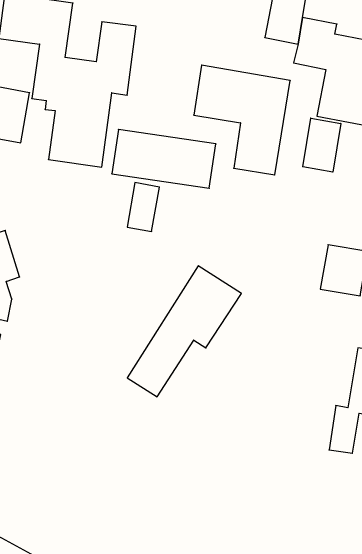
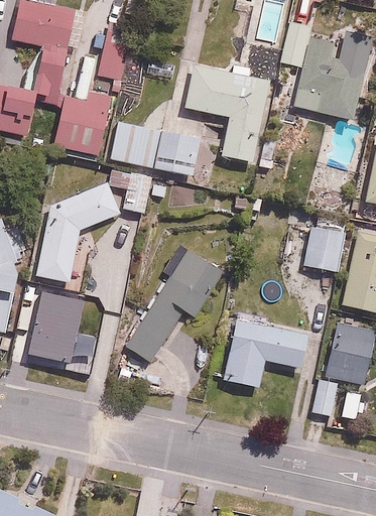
building: [303,118,341,172] -> none
building: none -> [34,180,121,282]
building: none -> [19,296,100,366]
building: none -> [222,313,308,391]

